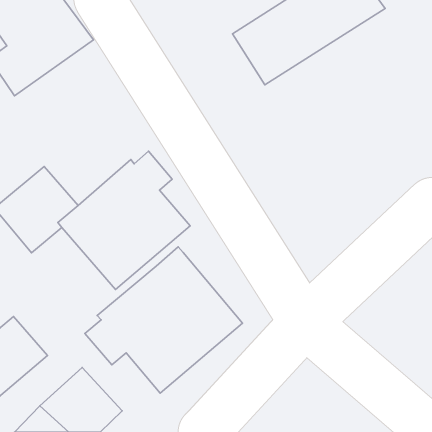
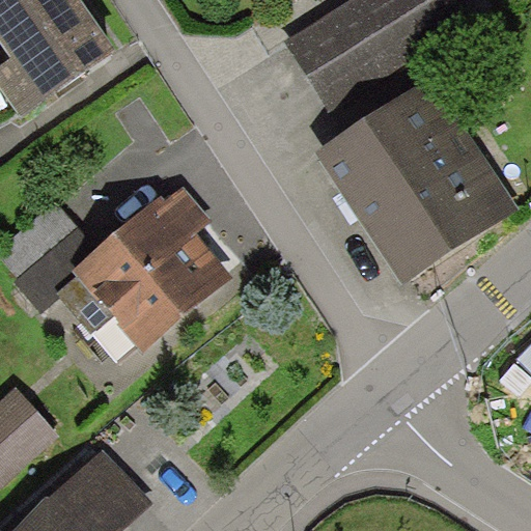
building: none -> [315,77,518,284]
building: [85,247,243,393] -> none

